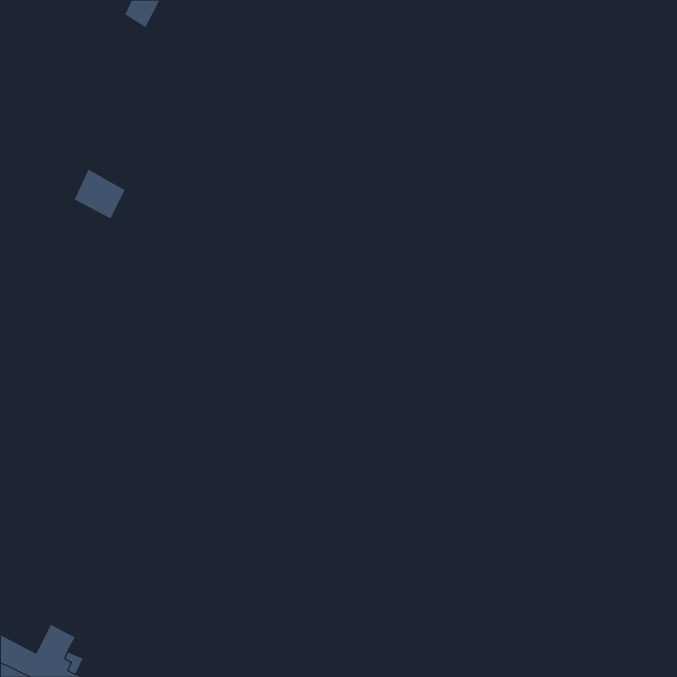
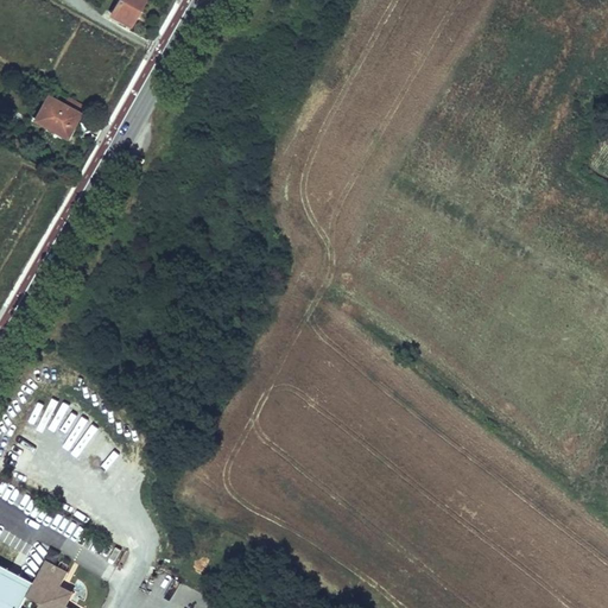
building: [74,169,125,219] -> [33,94,80,139]

